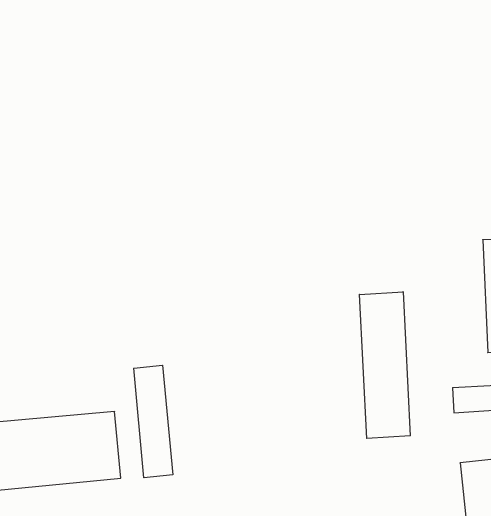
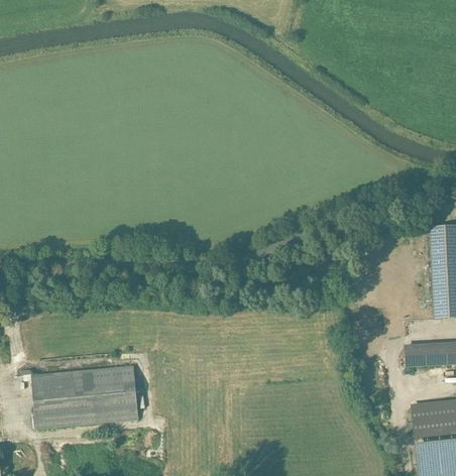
building: [359,292,410,438] -> none
building: [134,365,173,478] -> none

